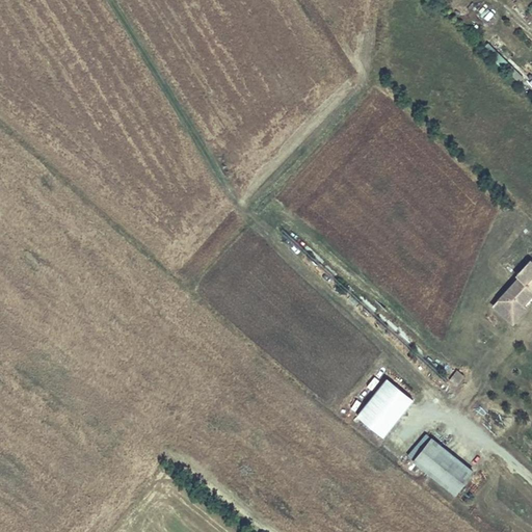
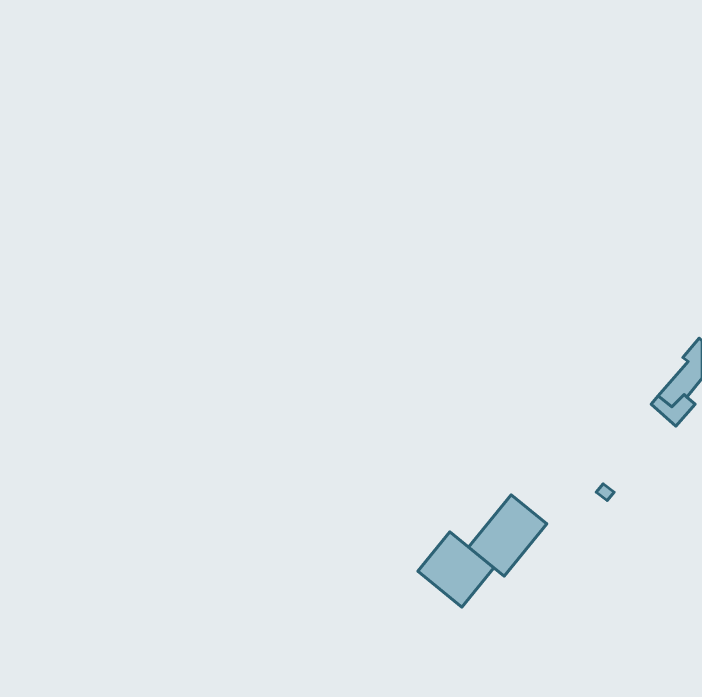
building: none -> [418,532,494,607]
building: [414,438,472,494] -> none

